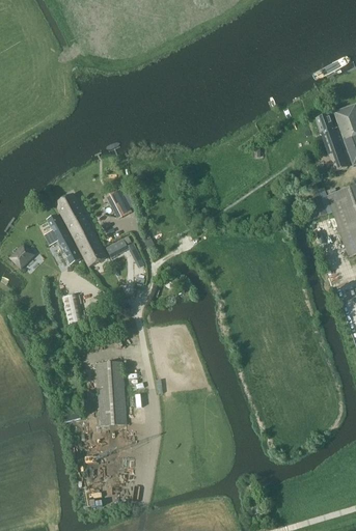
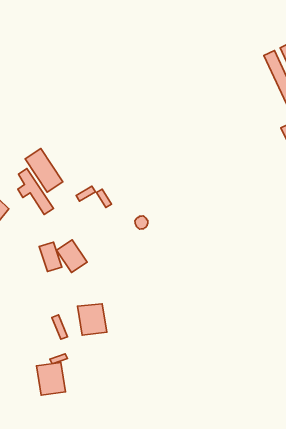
building: [105,189,131,219] -> none
building: [75,231,106,266] -> [56,240,87,273]
building: [98,393,126,425] -> [36,363,66,395]

